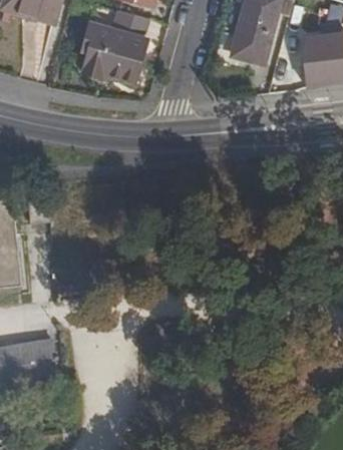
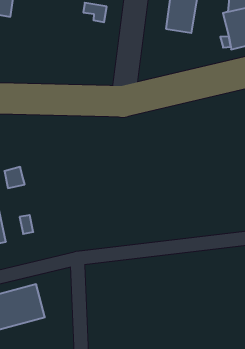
building: [82,25,146,84] -> none

